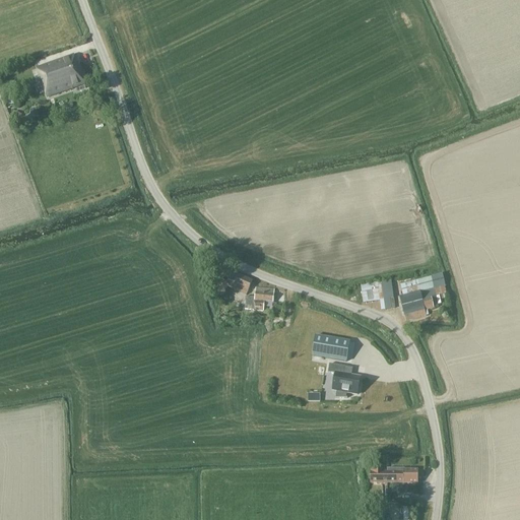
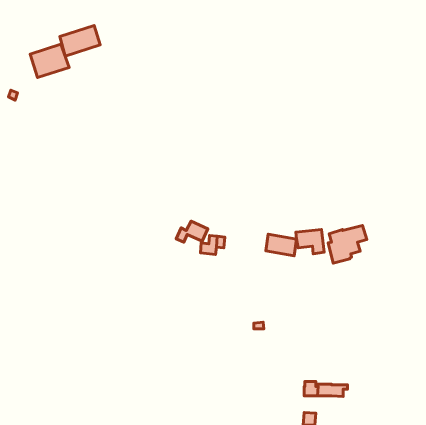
building: none -> [60,26,100,56]
building: [313,334,350,361] -> [266,234,297,256]
building: [328,363,361,397] -> none

